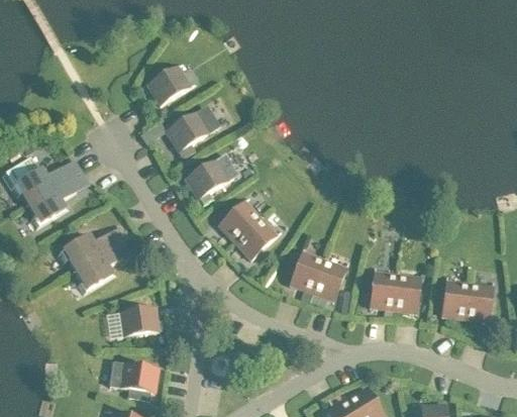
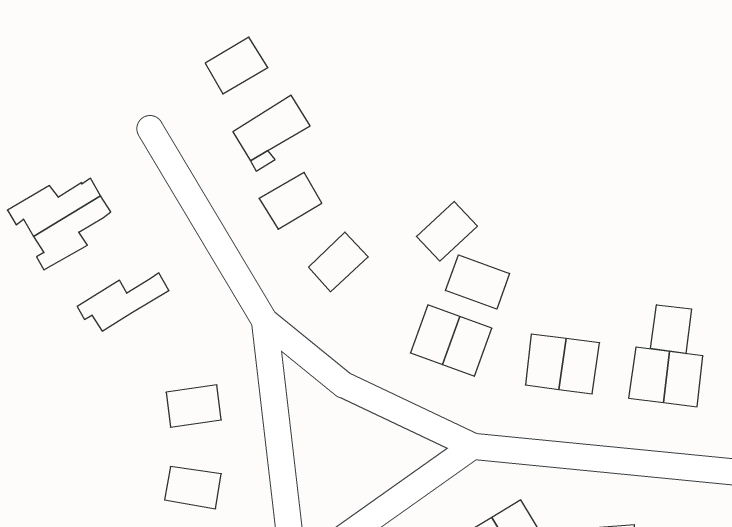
building: none -> [446,255,510,309]
building: [234,217,277,258] -> [416,201,477,261]
building: [76,240,129,292] -> none
building: none -> [650,305,691,354]

